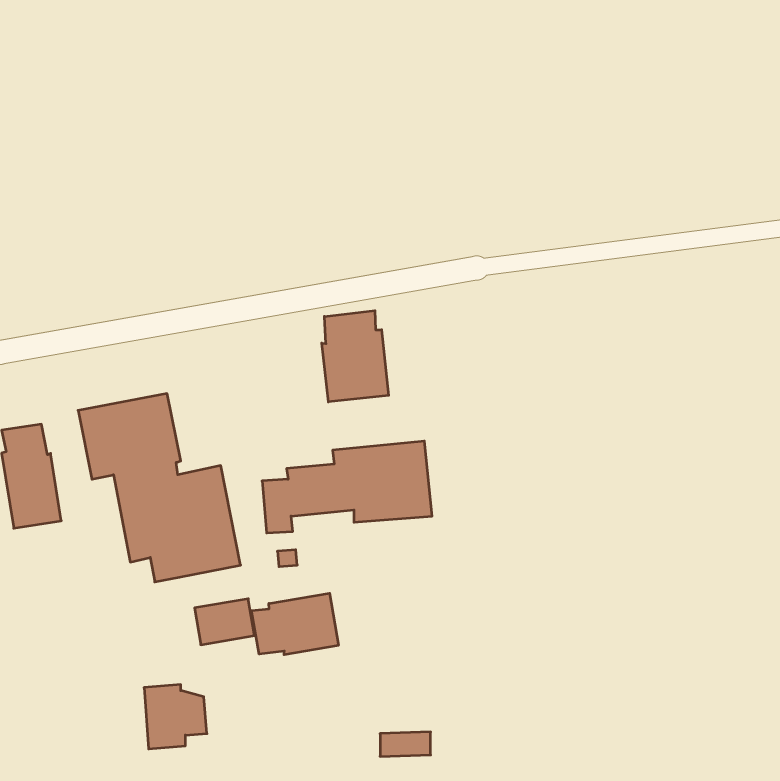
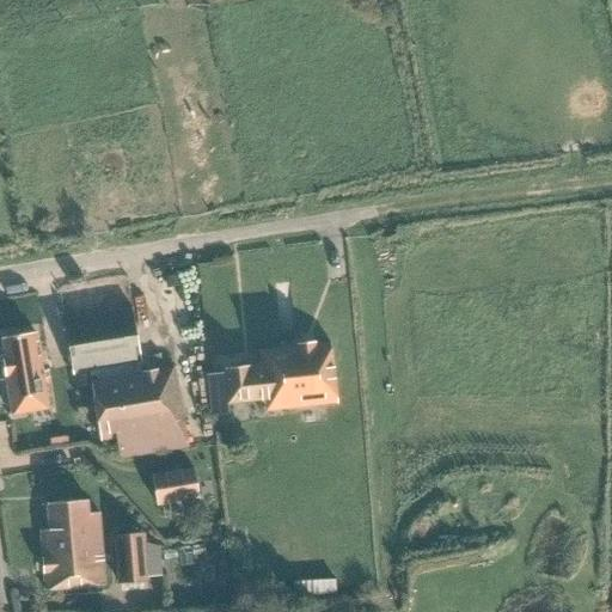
building: [322,311,389,402] -> none
building: [252,593,338,655] -> none
building: none -> [41,501,104,592]

